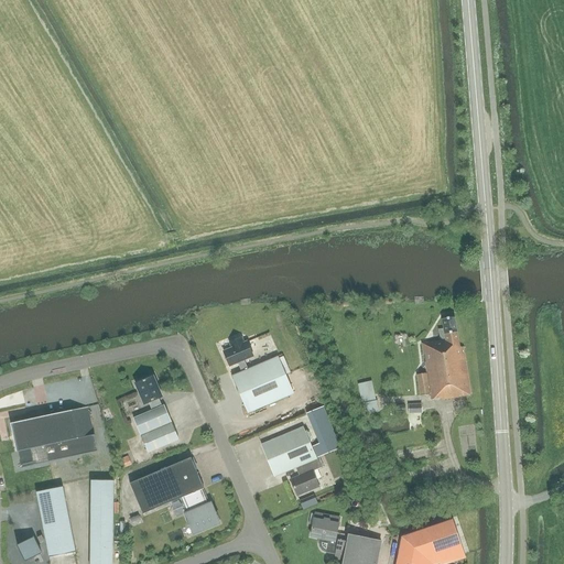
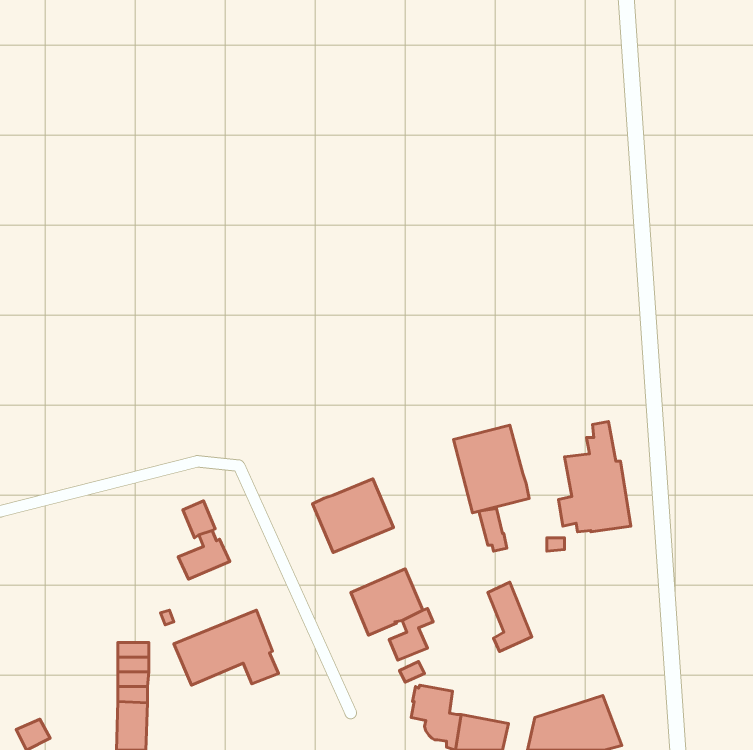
building: none -> [453,425,529,513]
building: [225,338,253,372] -> none
building: [307,404,340,456] -> [488,582,532,651]
building: [13,408,98,467] -> none
building: [141,420,180,451] -> none
building: [33,487,73,556] -> none
building: [186,502,219,531] -> none

